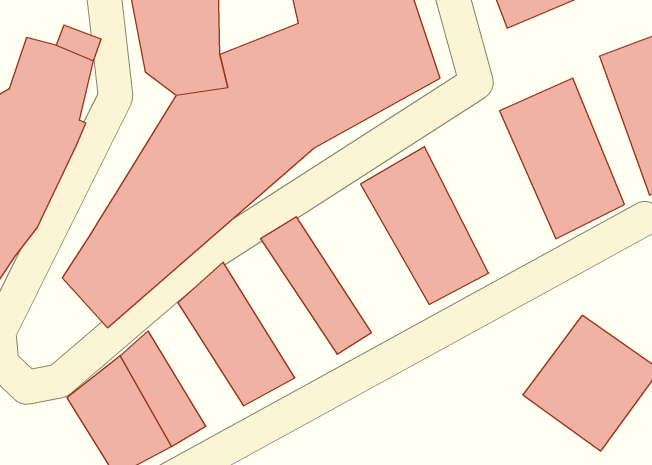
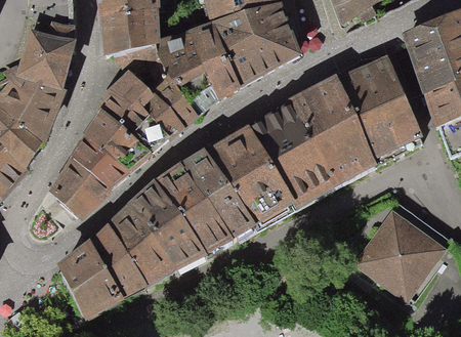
building: none -> [291,77,377,183]
building: none -> [207,125,294,222]
building: none -> [159,161,234,252]
building: none -> [110,203,172,284]

